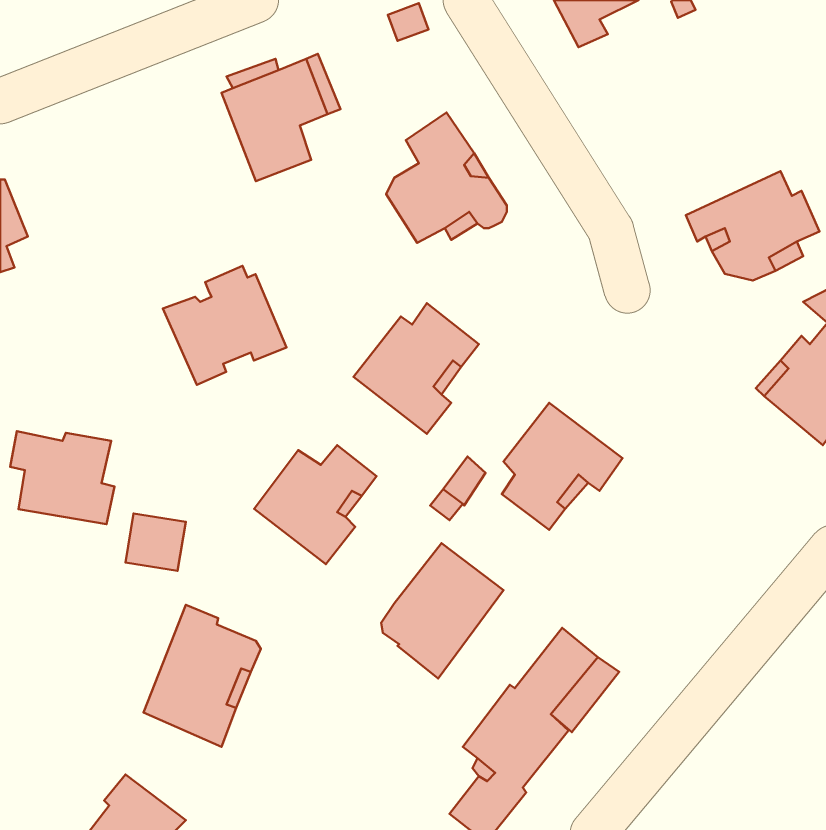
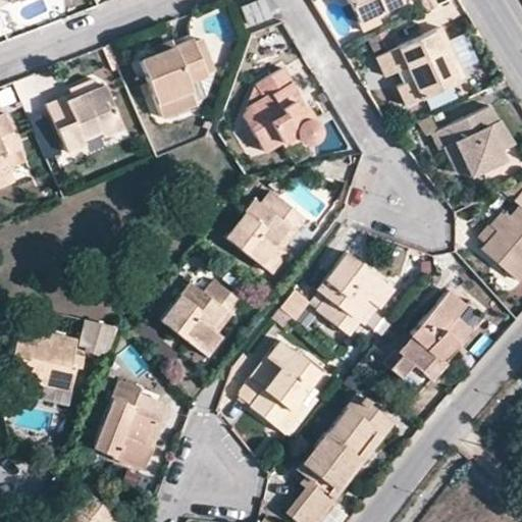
building: none -> [379,31,461,106]
building: [163,266,287,385] -> [46,80,123,154]
building: [10,431,115,524] -> [13,333,79,392]
building: none -> [385,291,473,394]

